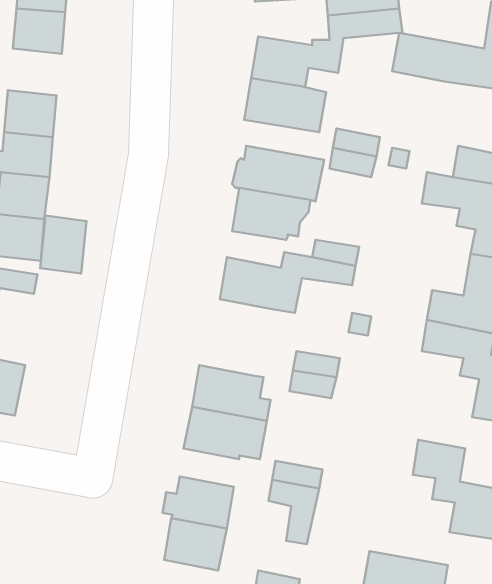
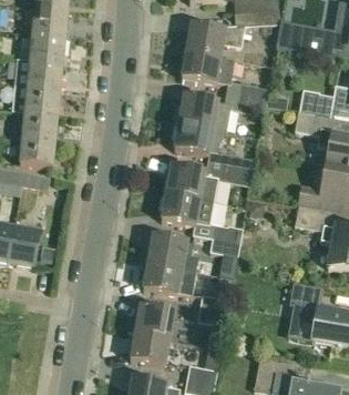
building: none -> [31,31,65,61]
building: [40,216,87,274] -> none
building: none -> [161,191,214,224]

